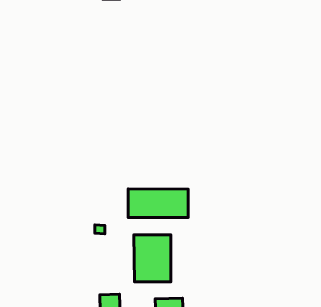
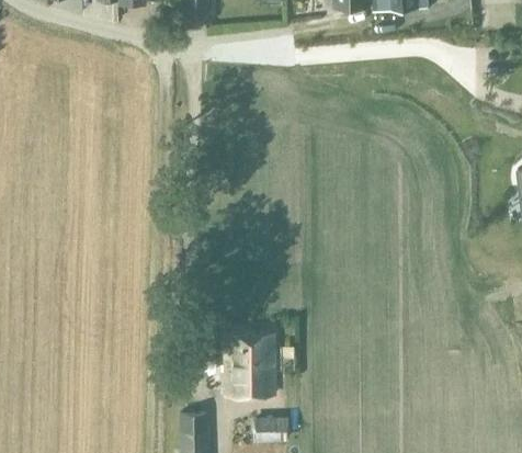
building: [128,189,188,218] -> none

